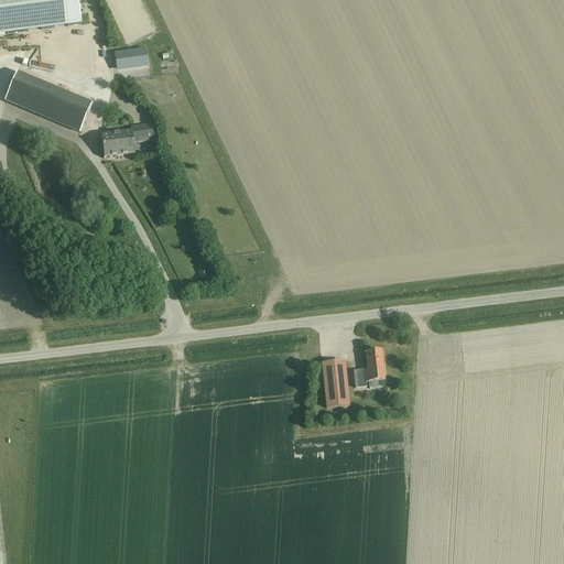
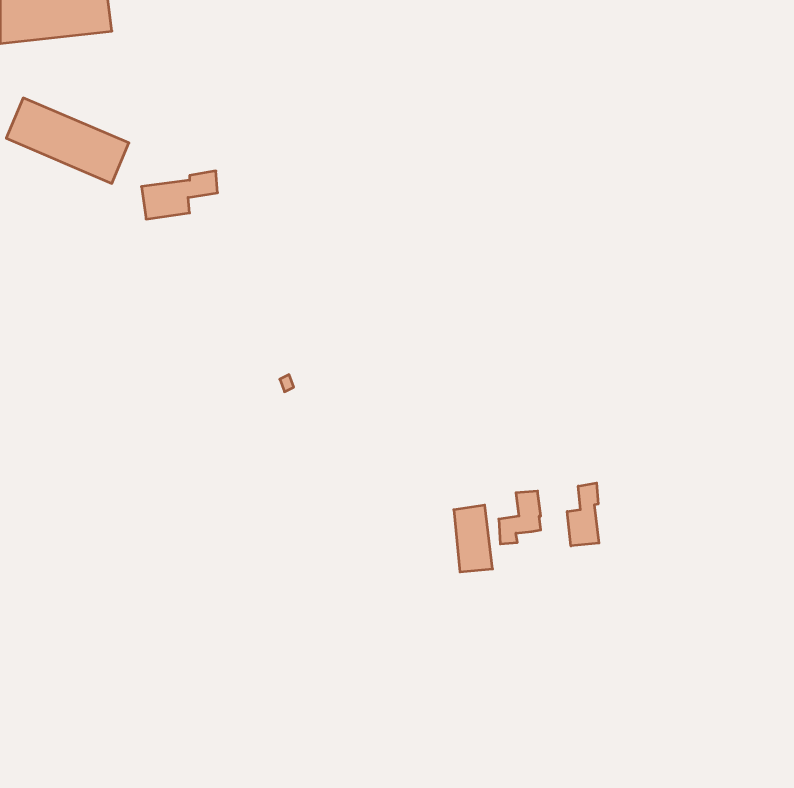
building: [115,44,148,66] -> none
building: none -> [567,483,599,546]

